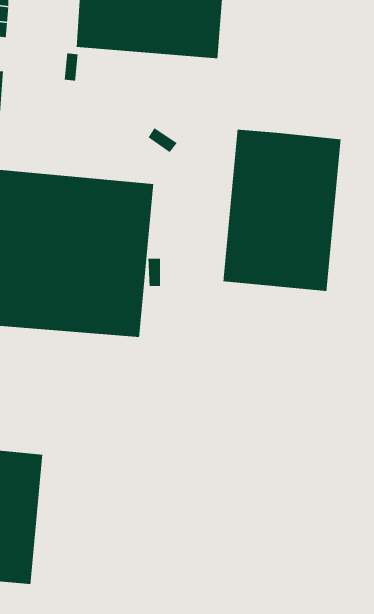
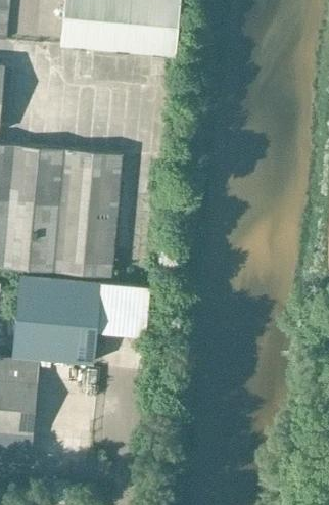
building: [223,129,341,292] -> none
building: none -> [13,274,151,363]

